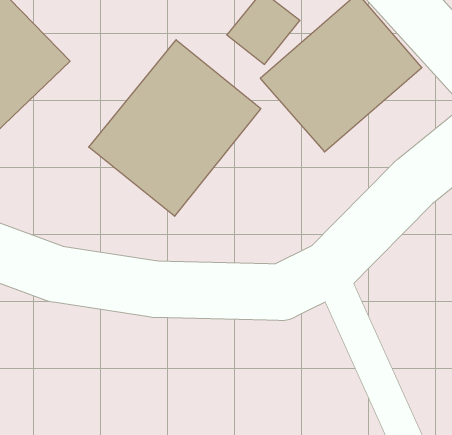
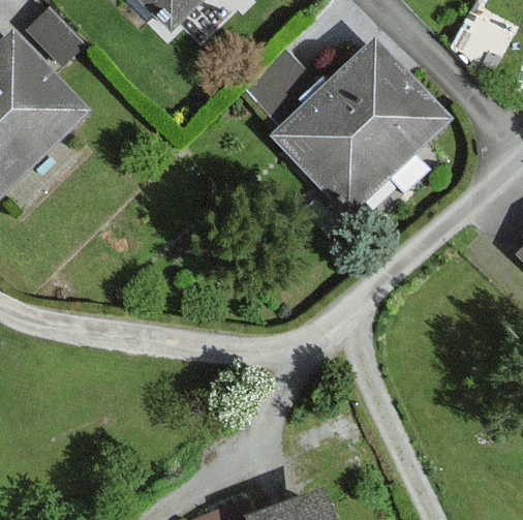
building: [89,40,261,216] -> none

